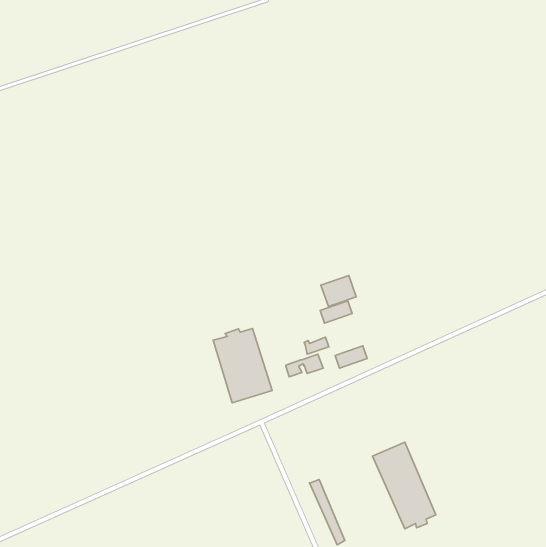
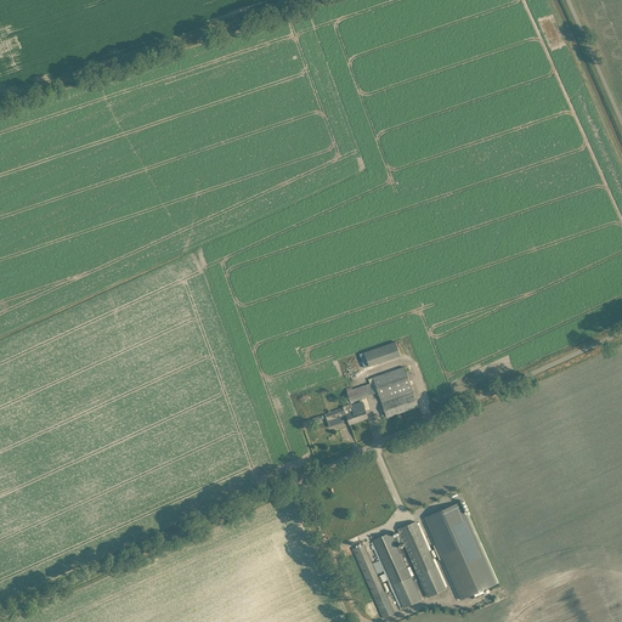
building: [321,276,356,307] -> [372,367,412,402]
building: [213,328,272,403] -> none
building: none -> [373,521,445,607]

